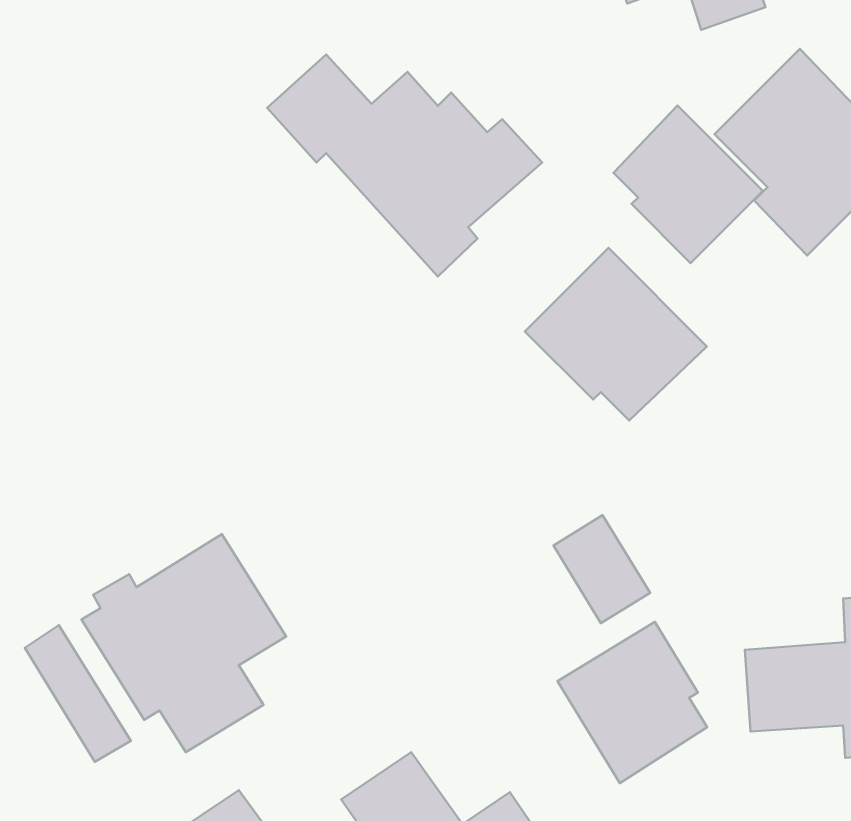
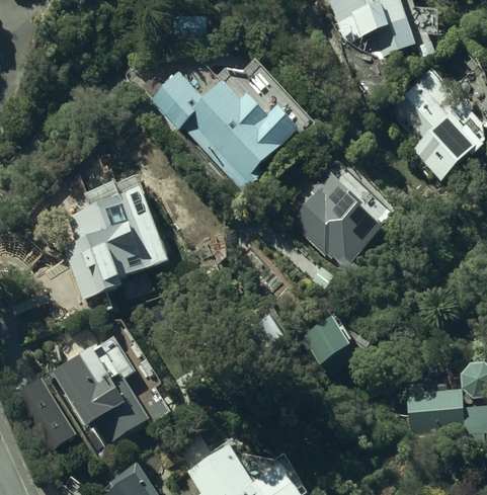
building: [614,105,763,263] -> none
building: none -> [62,156,170,299]
building: [558,622,707,783] -> none

